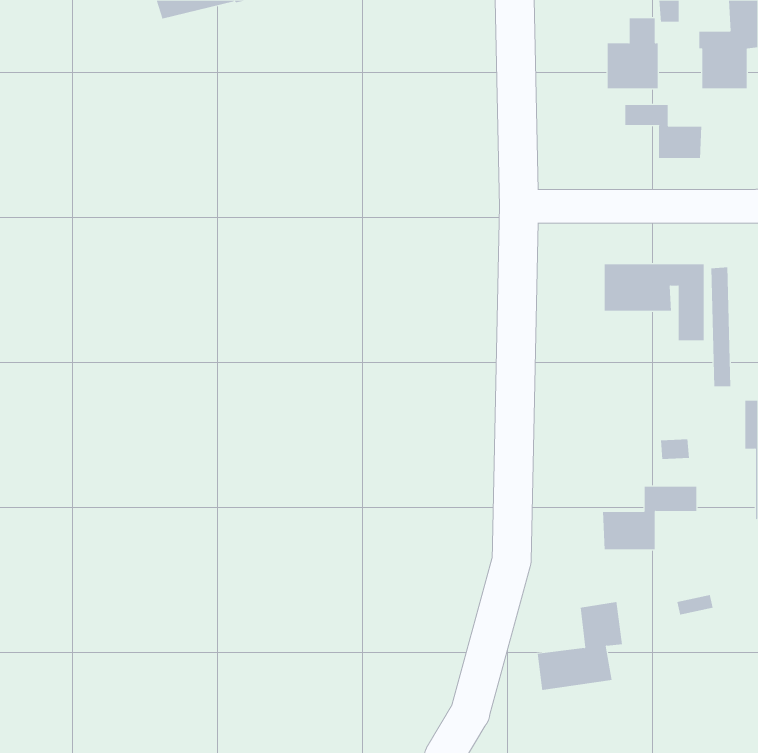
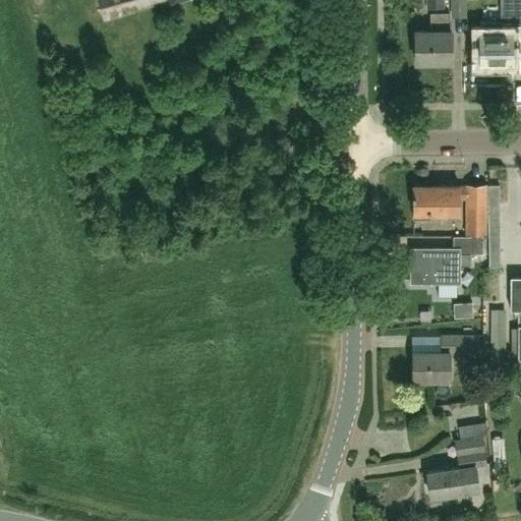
building: [625,104,702,159] -> none
building: none -> [412,239,483,283]
building: [537,602,623,691] -> [427,438,486,499]

